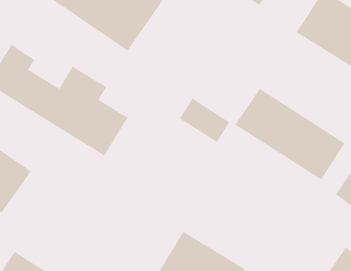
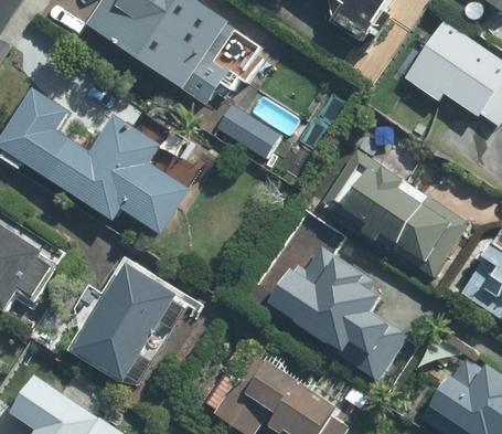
building: [179,97,230,143] -> [213,100,281,161]
building: none -> [277,251,406,383]
building: none -> [65,263,182,390]

